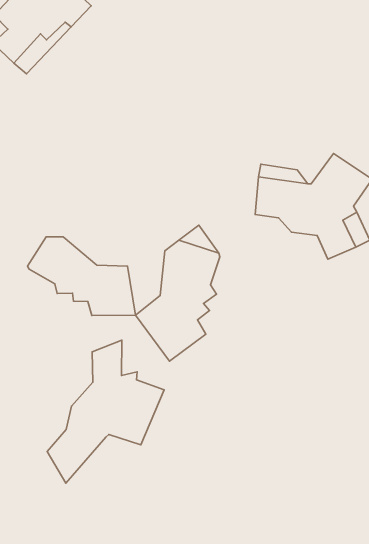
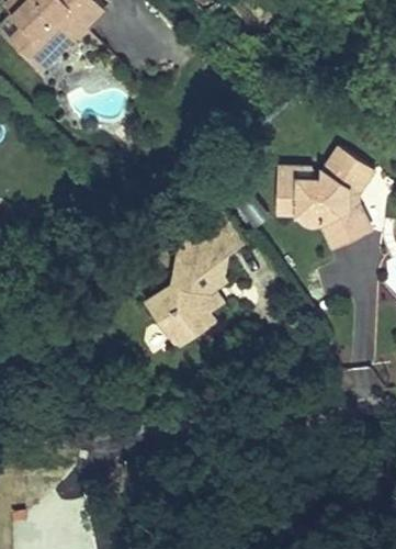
building: [27,237,136,315] -> none
building: [47,340,164,483] -> none

